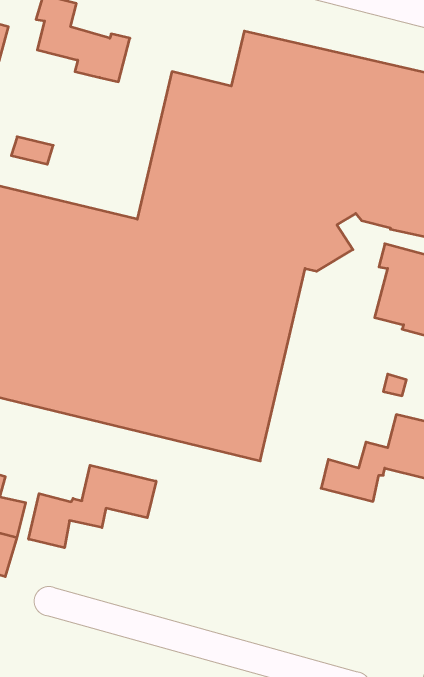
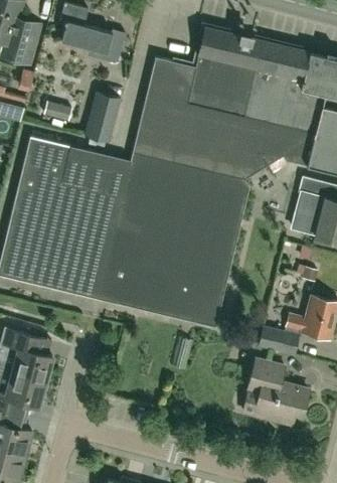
building: none -> [83,92,120,143]
building: [29,465,156,548] -> none
building: none -> [242,360,309,424]

